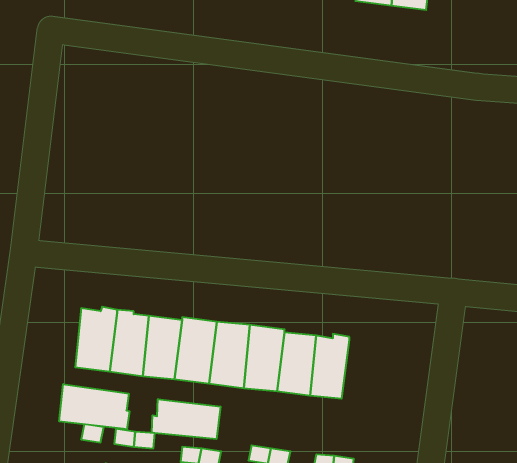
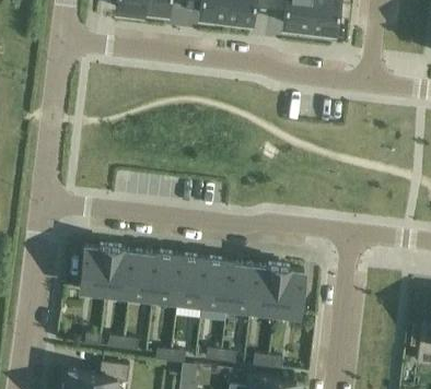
building: none -> [273,270,304,318]
building: [59,384,130,430] -> none
building: [152,399,221,439] -> none

